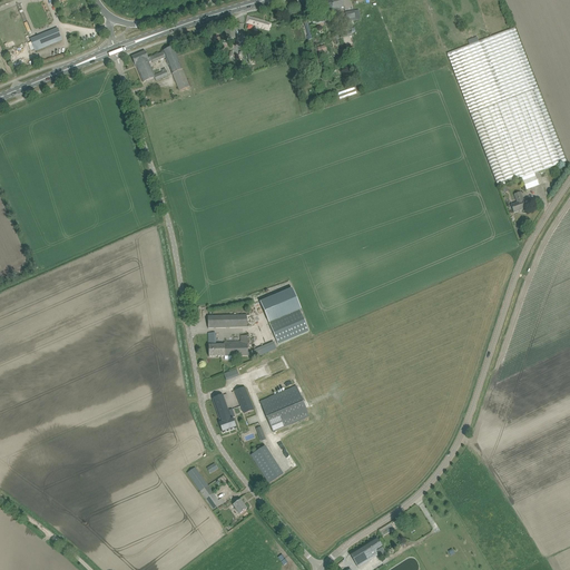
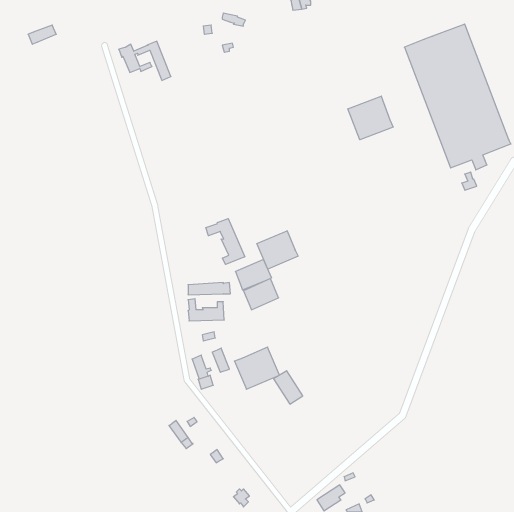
building: none -> [348,96,393,140]
building: none -> [206,219,245,264]
building: none -> [257,231,298,269]
building: [250,444,283,481] -> [274,371,303,404]

